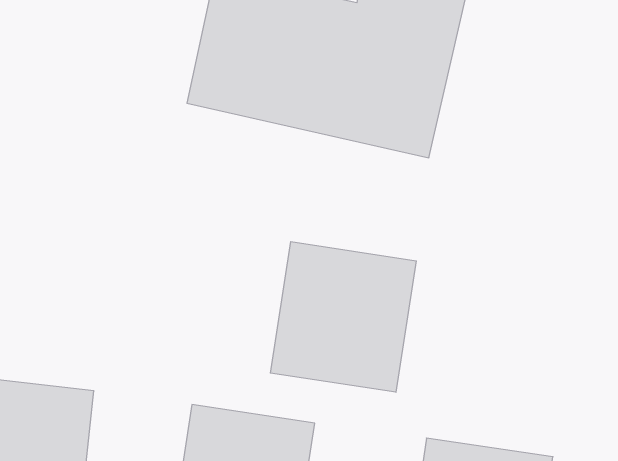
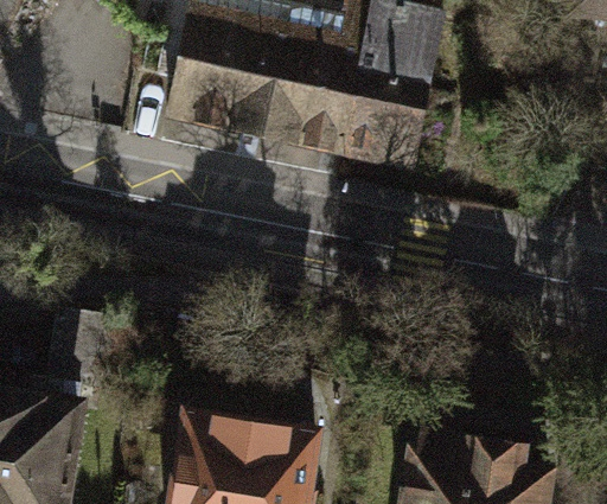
building: [270,242,416,392] -> none

